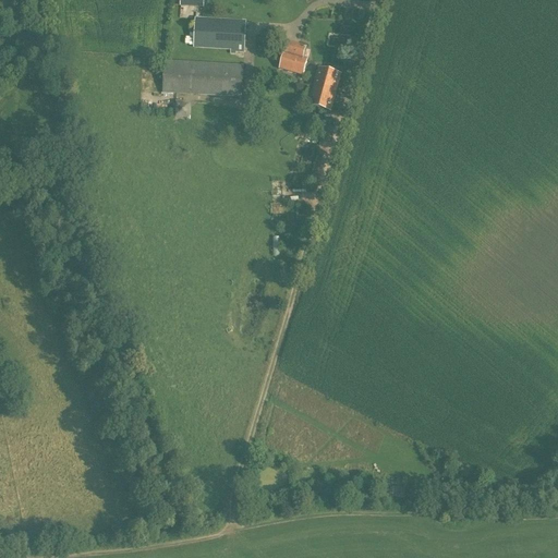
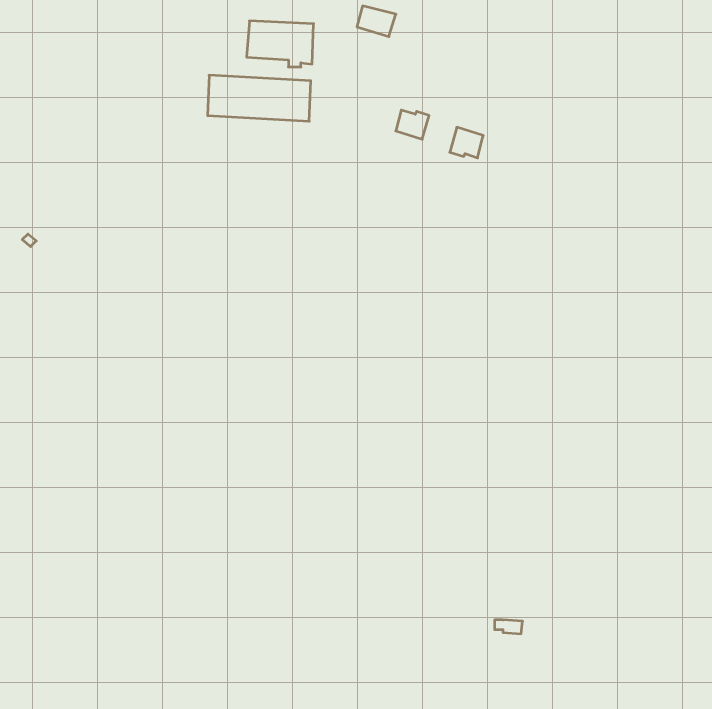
building: [278,50,308,74] -> [357,6,396,37]
building: [314,66,340,90] -> [450,127,483,158]

